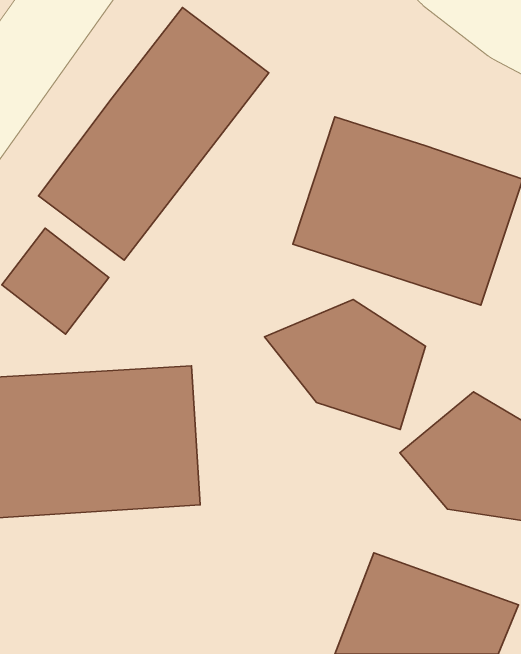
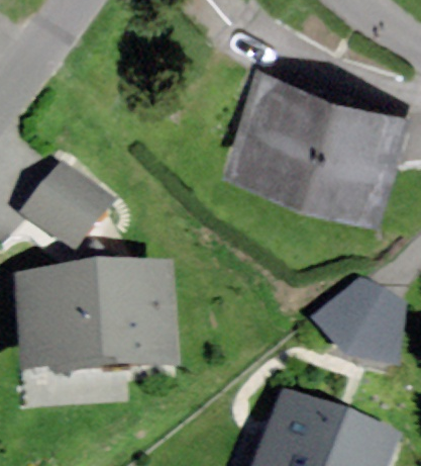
building: [38,7,269,260] -> none
building: [265,299,426,430] -> none

